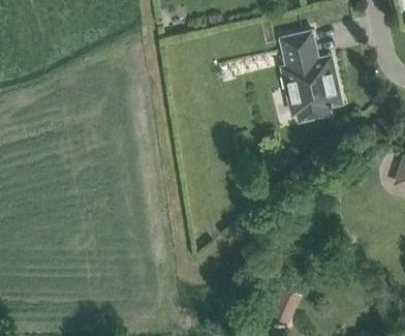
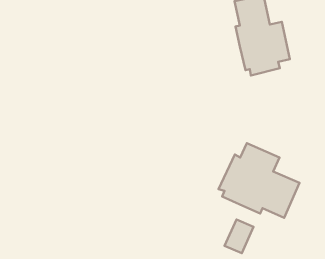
building: none -> [219,143,299,218]

